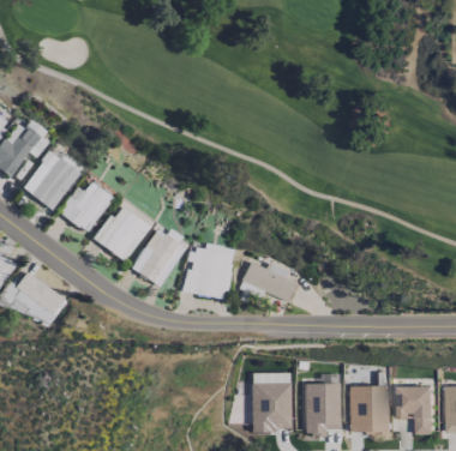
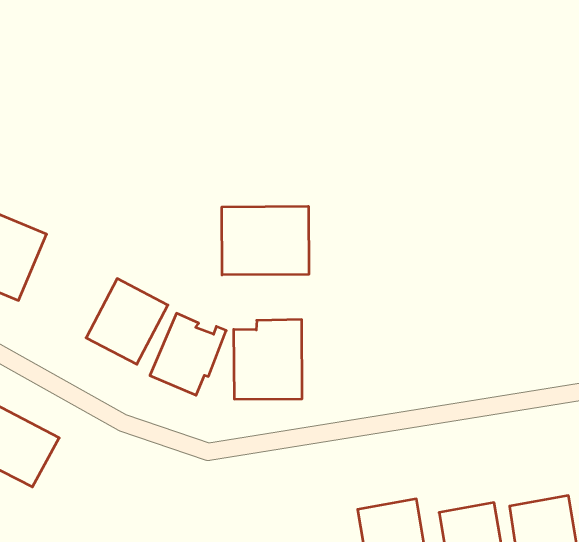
building: none -> [222,206,309,275]
building: [59,182,113,233] -> none
building: [242,264,295,300] -> none

